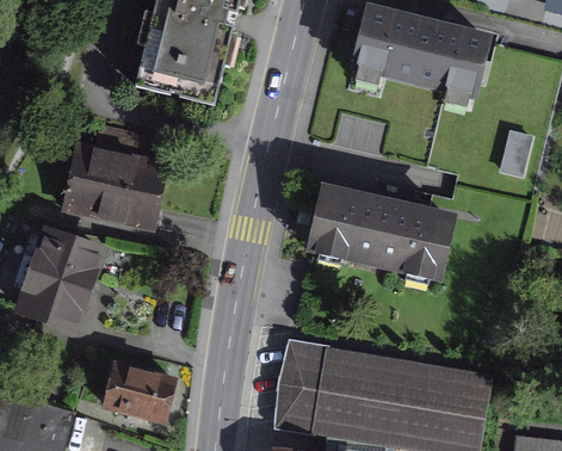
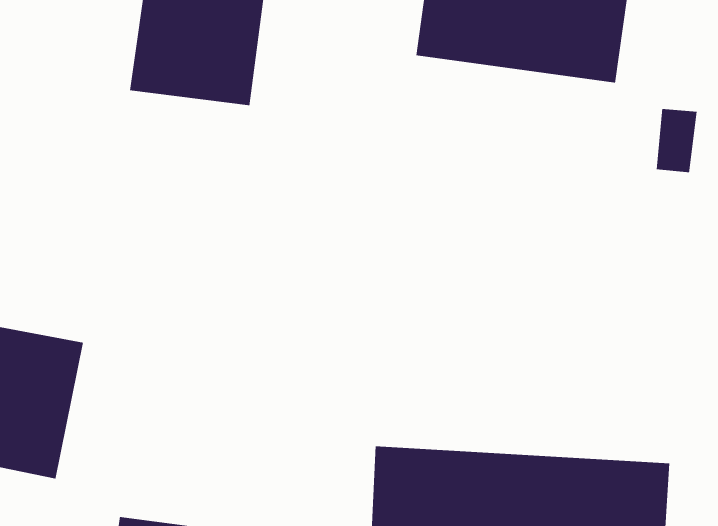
building: [60,126,173,228] -> none
building: [302,185,456,279] -> none

